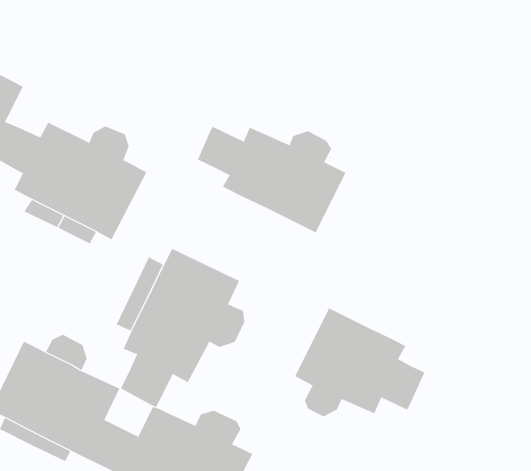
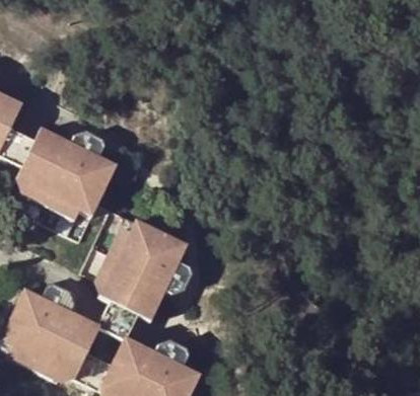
building: [197,126,346,233] -> none
building: [294,308,425,417] -> none

